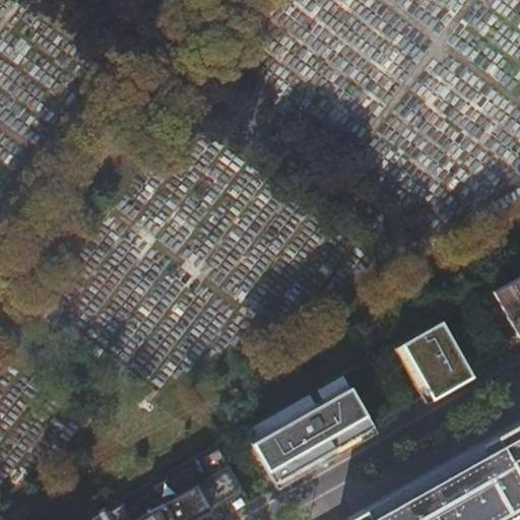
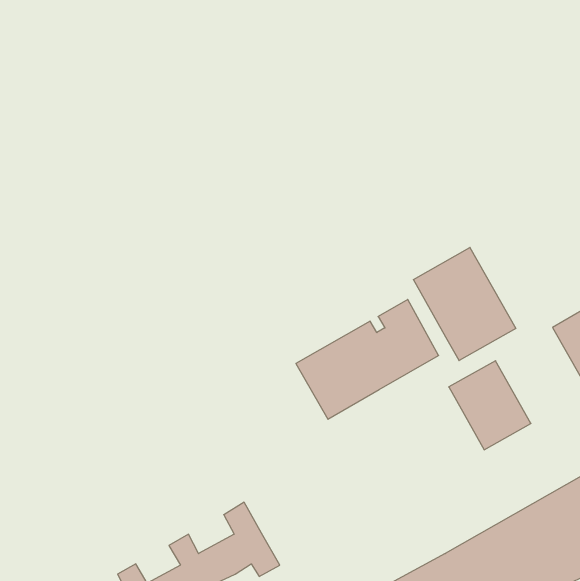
building: none -> [413,247,516,361]
building: [247,378,374,484] -> [296,299,439,419]

